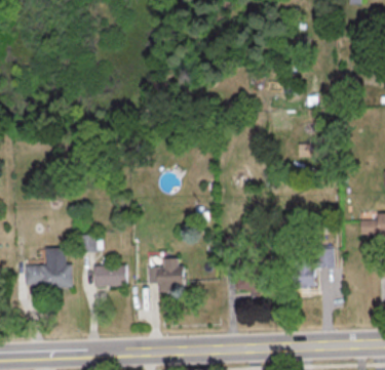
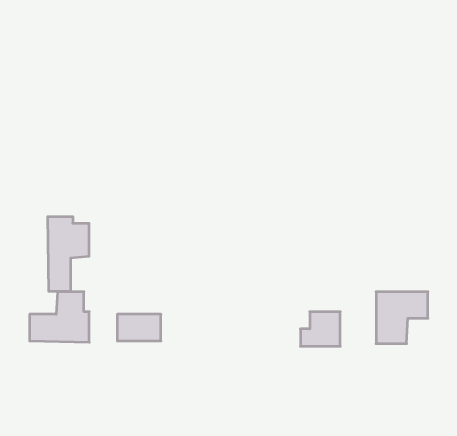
building: none -> [48,217,89,291]
building: [151,258,188,291] -> none

